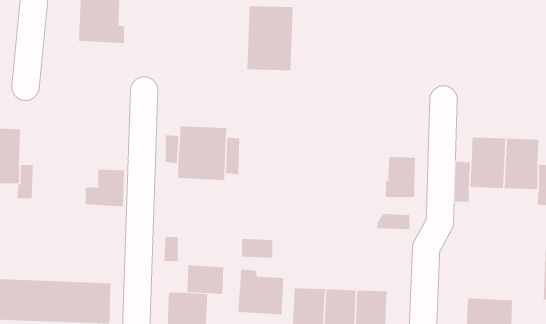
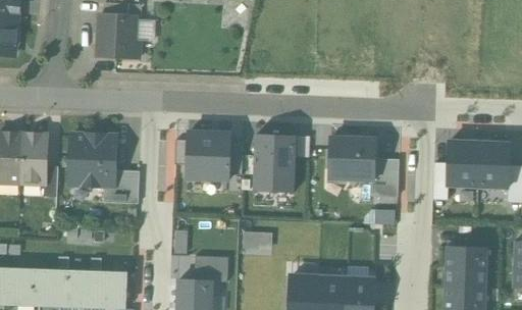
building: [247,6,293,71] -> [253,135,295,193]
building: none -> [69,134,115,187]
building: none -> [328,138,375,180]
building: none -> [445,246,487,288]
building: [238,268,284,315] -> none

